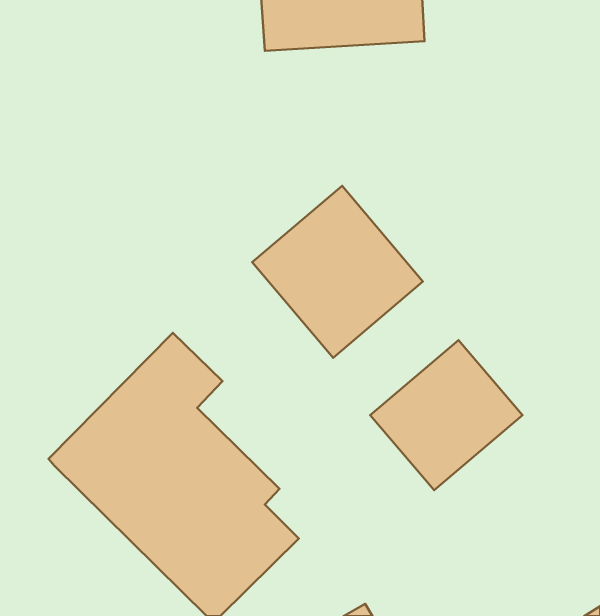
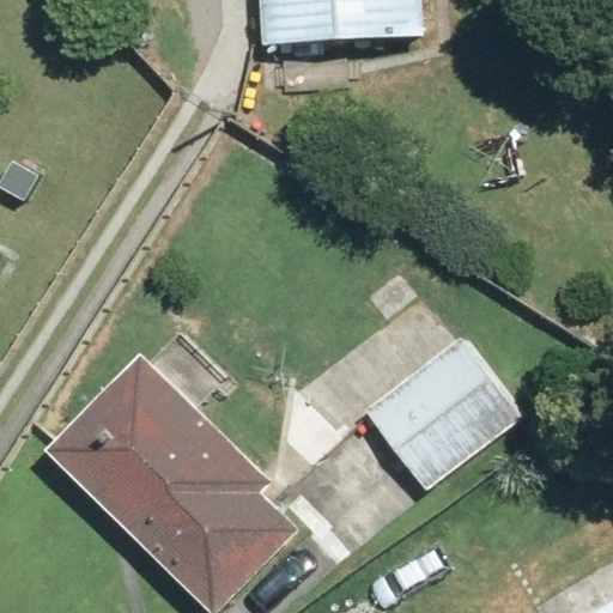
building: [252,186,423,358] -> none

